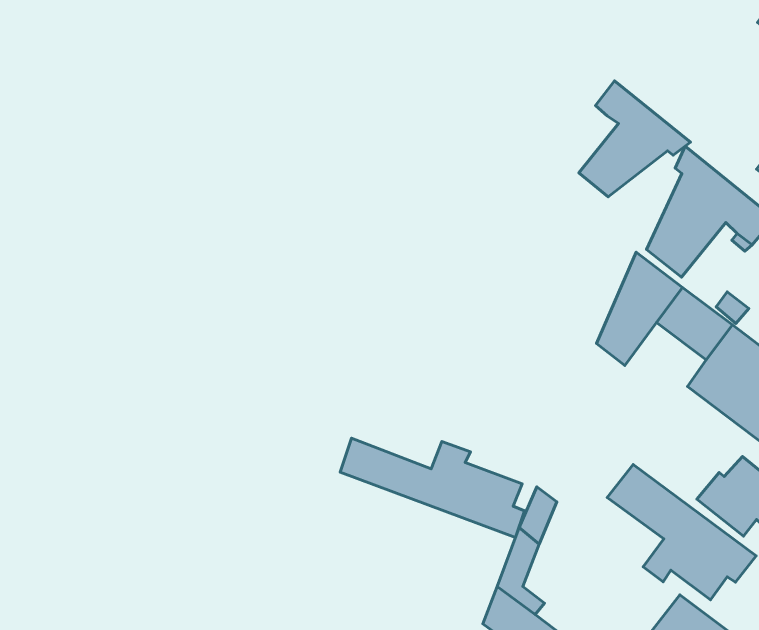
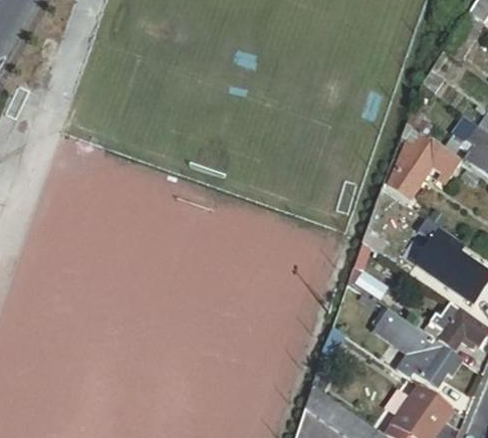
building: [579,81,690,197] -> none
building: [340,438,525,538] -> none

